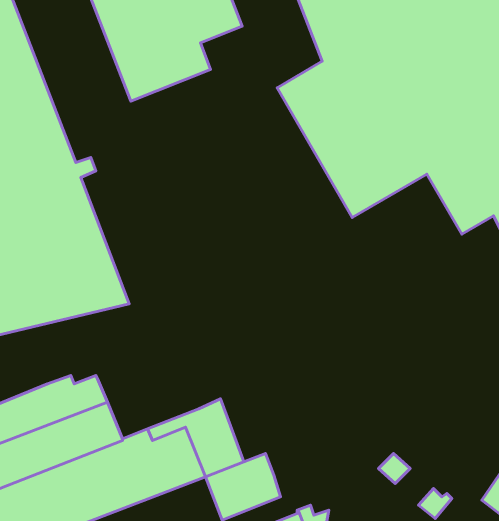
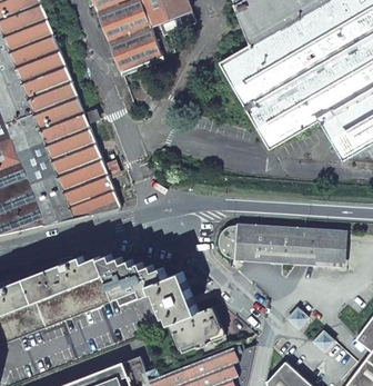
building: none -> [219,224,341,267]
building: none -> [99,254,167,298]

